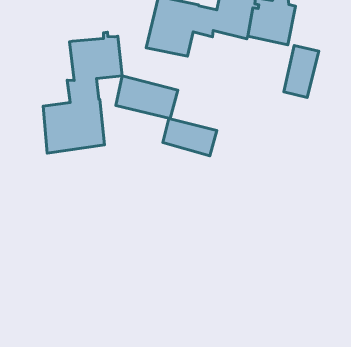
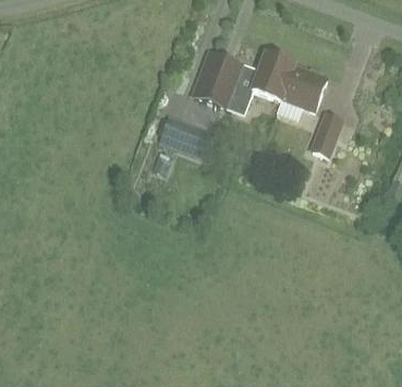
building: [43,32,122,153] -> none
building: [163,118,217,156] -> none

